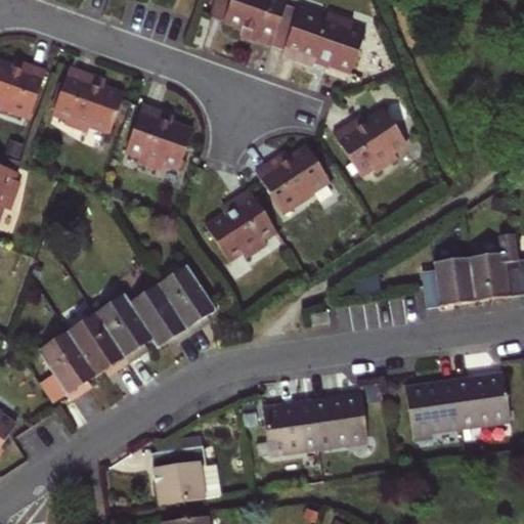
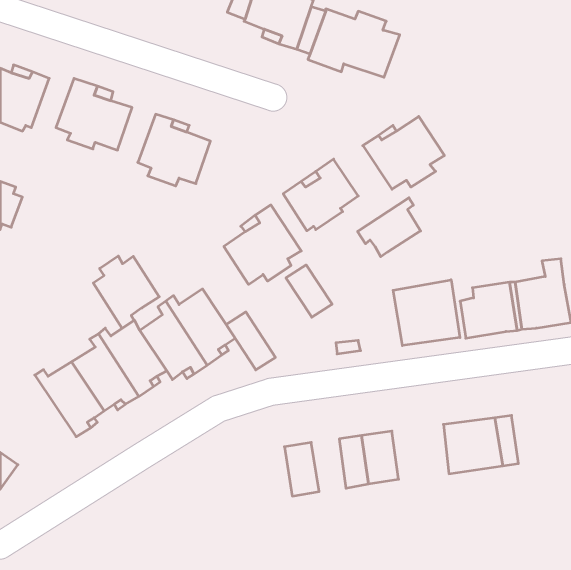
building: none -> [358,198,421,257]
building: none -> [93,256,159,328]
building: none -> [286,265,332,317]
building: none -> [393,280,460,346]
building: none -> [226,312,275,370]
building: [469,376,511,424] -> none
building: [286,401,317,449] -> none
building: [150,445,220,504] -> none

